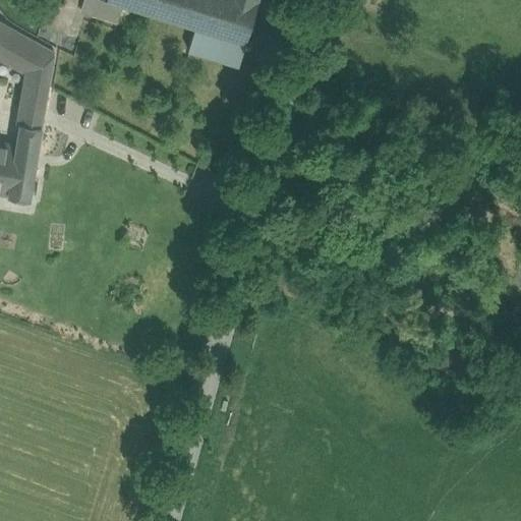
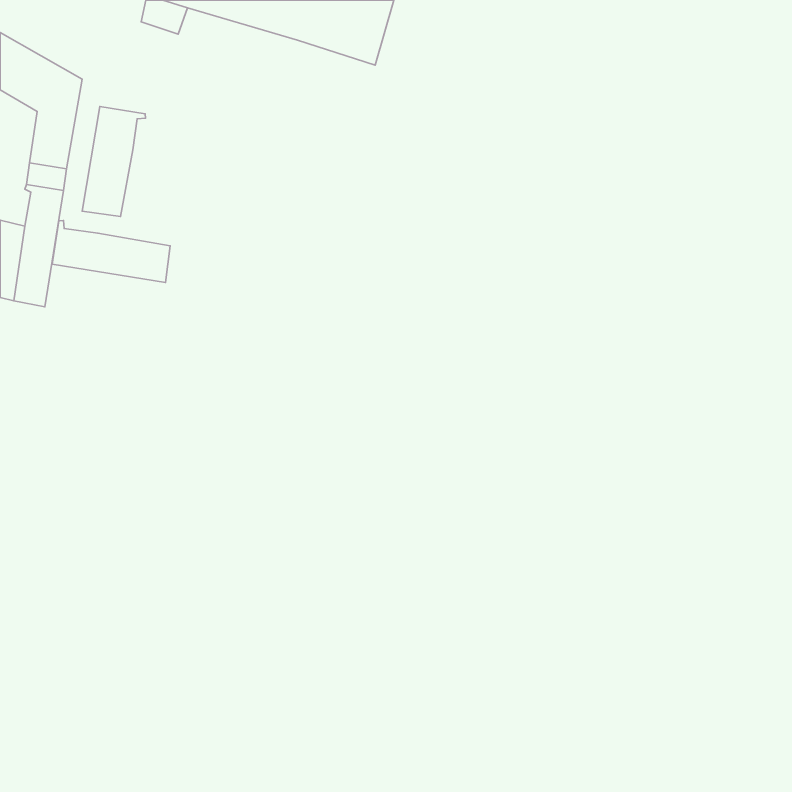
building: [188,26,246,66] -> none
building: none -> [82,107,145,216]
building: none -> [52,221,170,282]

